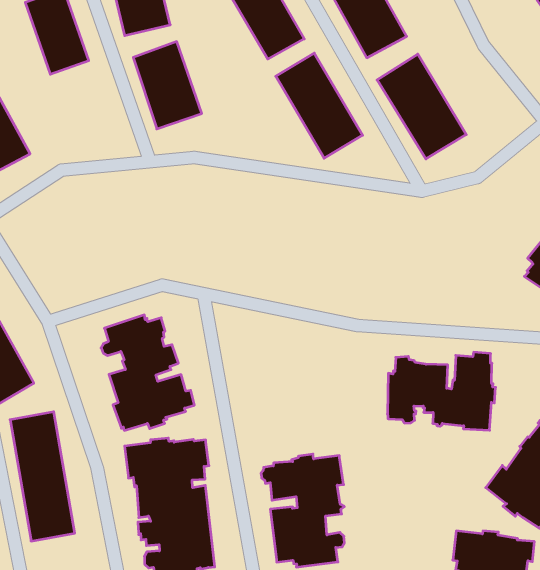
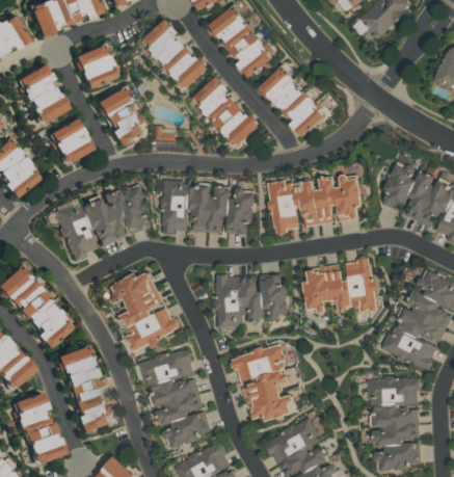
building: none -> [49,120,94,164]
building: none -> [156,179,256,234]
building: none -> [46,184,153,262]
building: none -> [268,175,363,234]
building: none -> [215,273,289,327]

